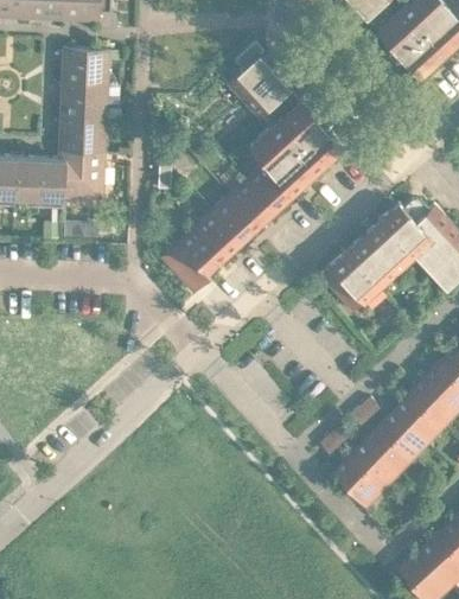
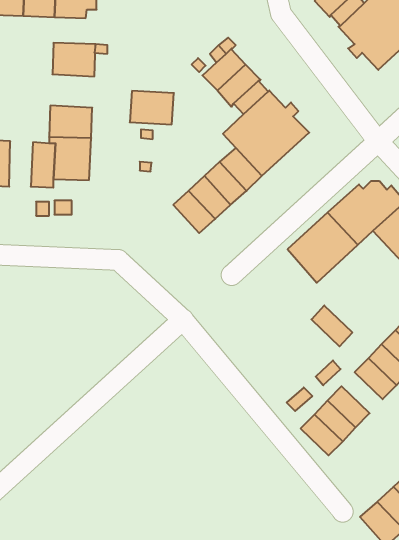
building: [60,83,109,120] -> [130,91,174,124]
building: [15,157,42,206] -> none
building: [162,227,224,293] -> none
building: [381,410,426,455] -> [311,305,352,346]

